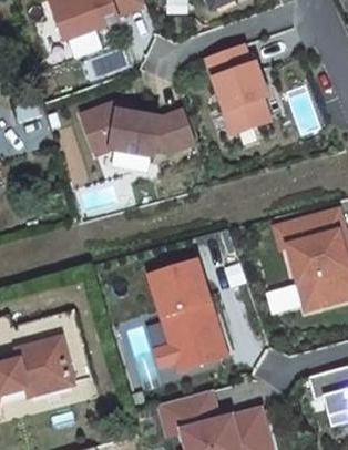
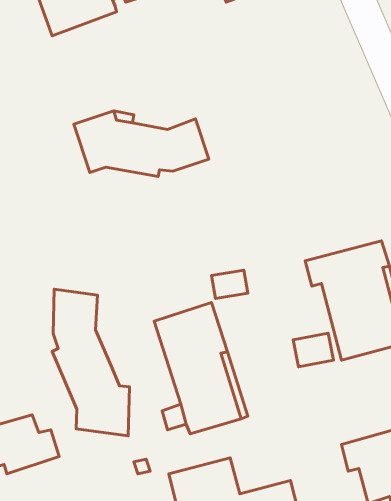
building: [206,43,269,132] -> none
building: none -> [52,289,130,436]

